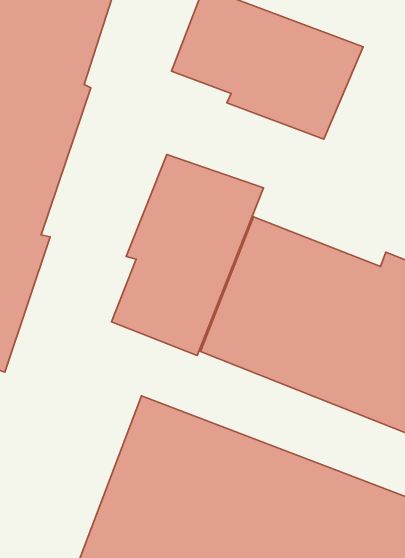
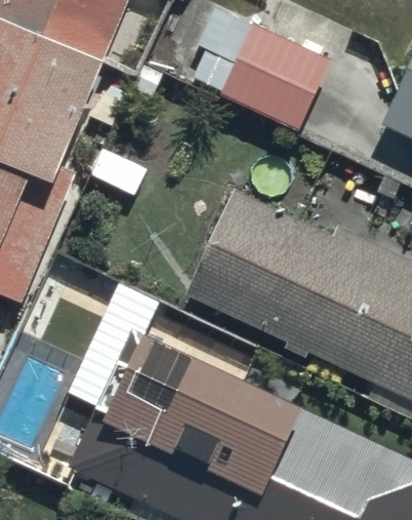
building: [111,155,263,355] -> none

